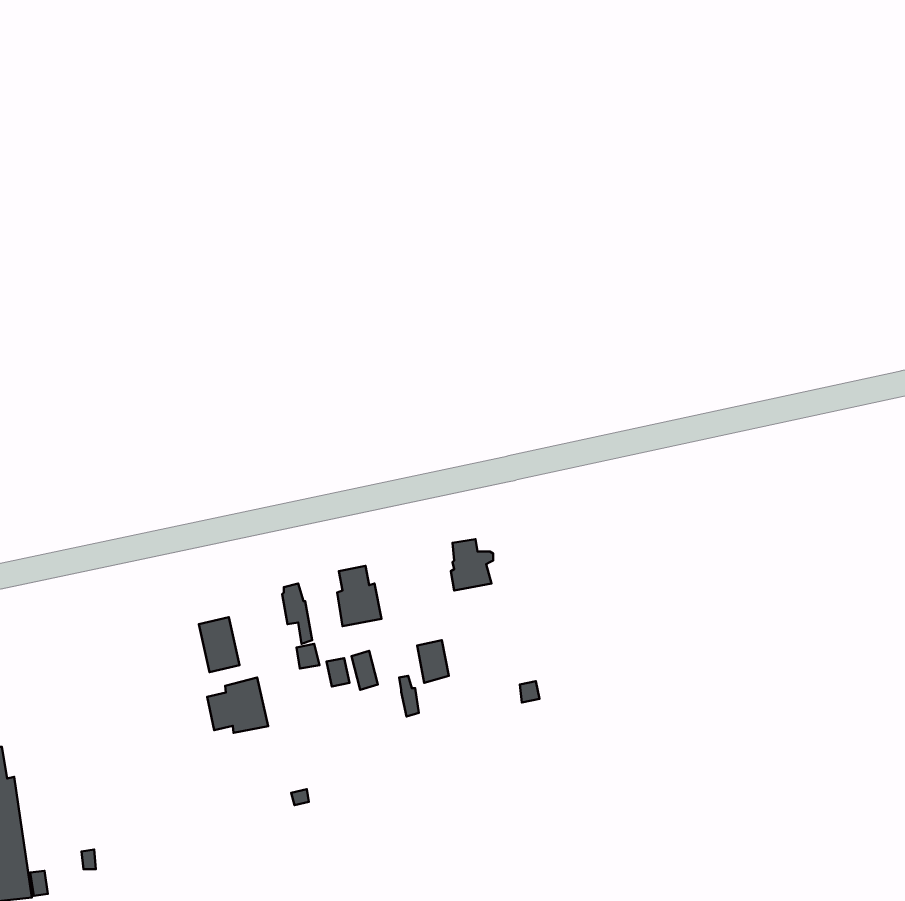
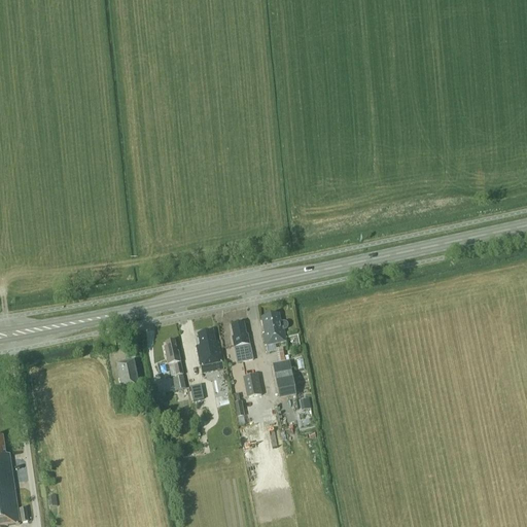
building: none -> [231,321,252,360]
building: none -> [272,358,295,397]
building: [207,678,268,733] -> none

